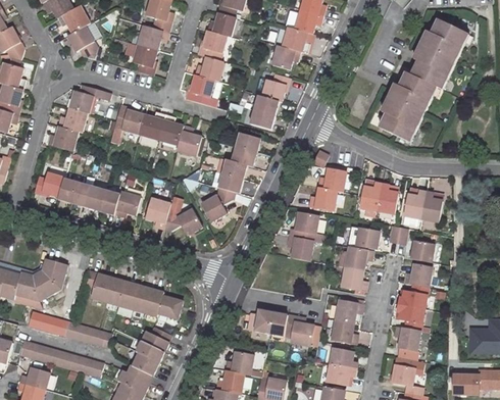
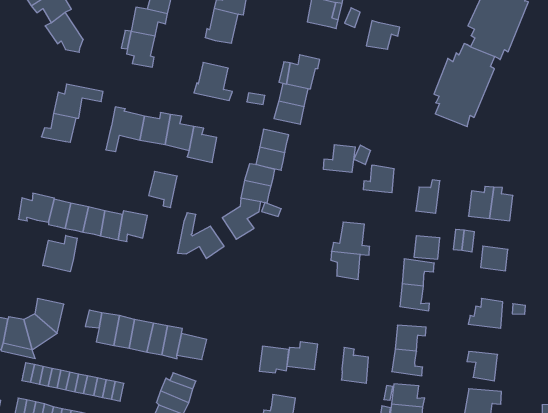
building: [270,44,299,68] -> [366,21,400,49]
building: [194,56,222,81] -> none
building: [47,126,77,150] -> none
building: [377,184,396,213] -> none
building: [308,187,336,210] -> [323,145,355,172]
building: [145,198,169,229] -> [149,171,177,208]
building: none -> [43,235,77,272]
building: [403,263,431,287] -> none
building: [396,303,423,330] -> none
building: [268,311,294,334] -> [259,346,289,373]

